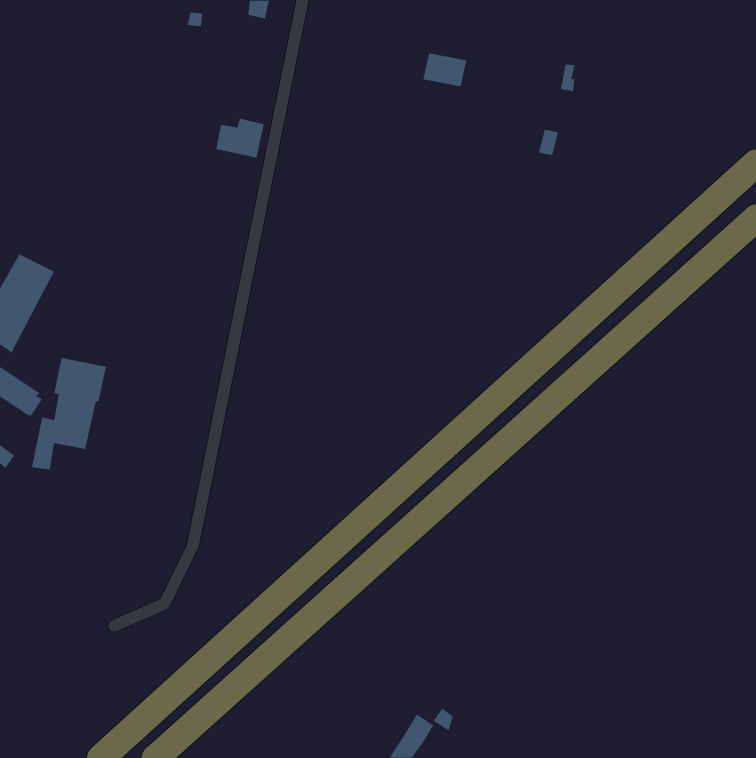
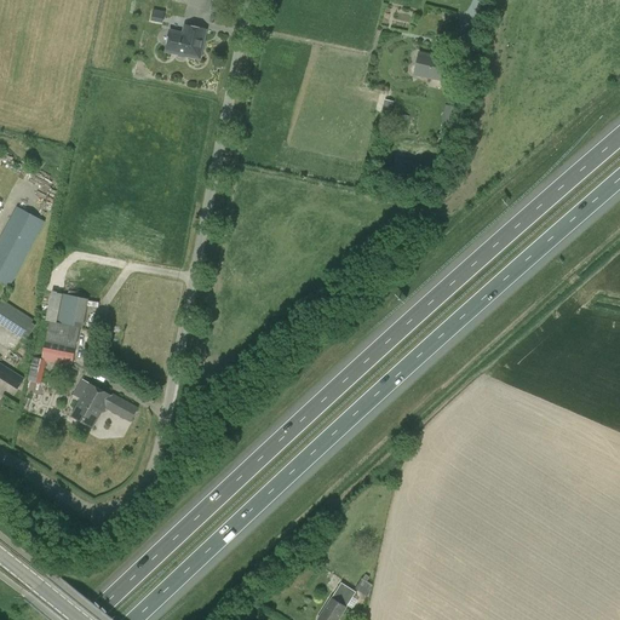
building: [423,53,467,87] -> [413,53,449,81]
building: [216,118,265,158] -> [165,27,205,59]
building: none -> [70,383,138,429]

